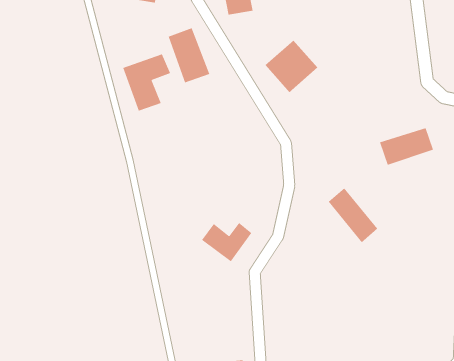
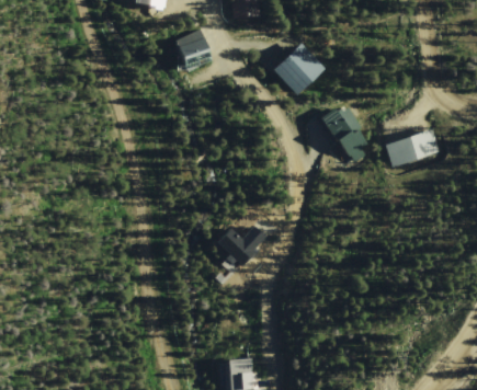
building: [122,54,171,112] -> none
building: [328,188,378,243] -> [322,107,372,162]

